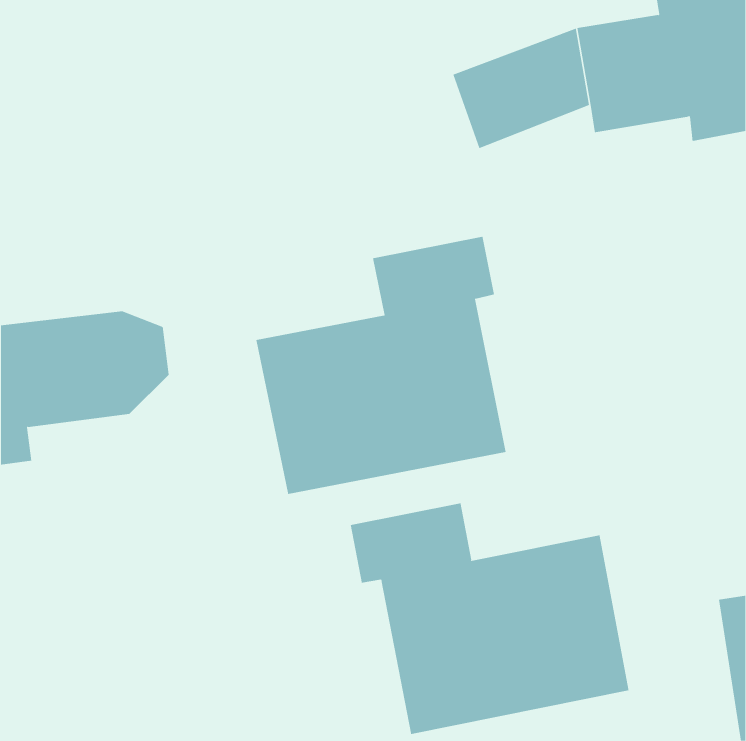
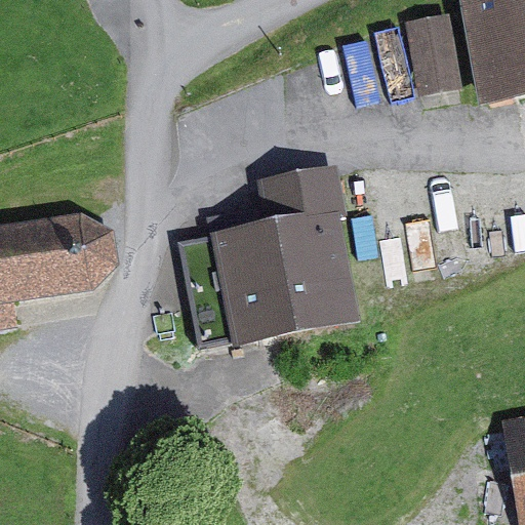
building: [350,503,629,735] -> none

